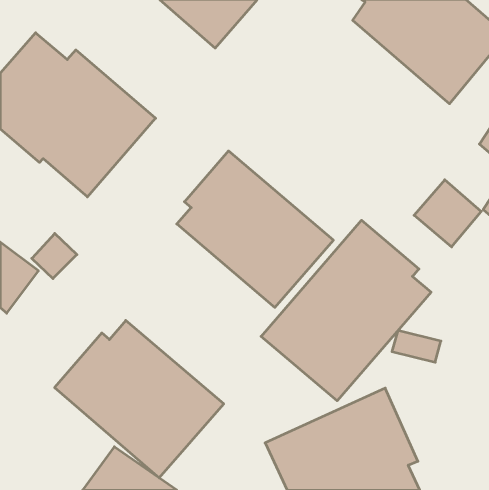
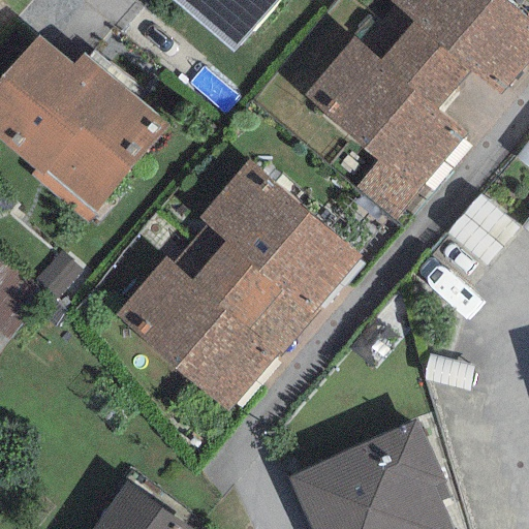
building: none -> [304,22,486,221]
building: [261,220,431,401] -> none
building: [55,320,224,478] -> [116,241,298,410]

